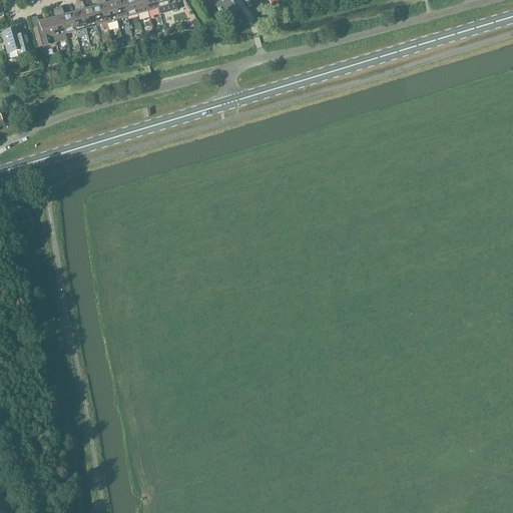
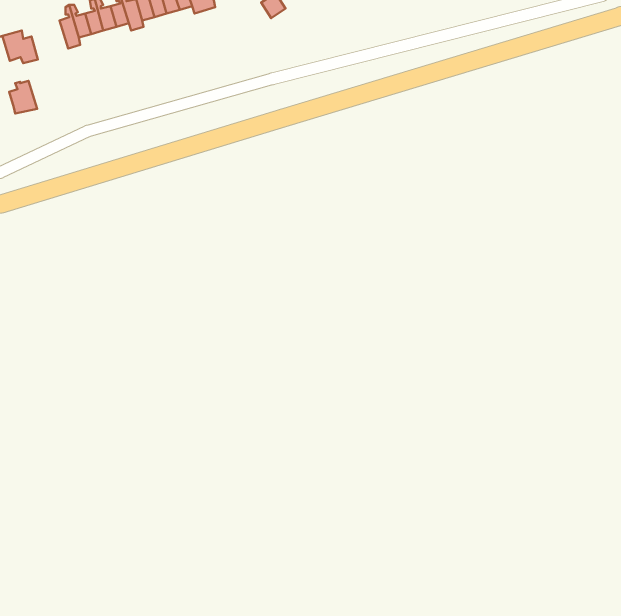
building: [33,17,56,44] -> [9,81,37,114]

